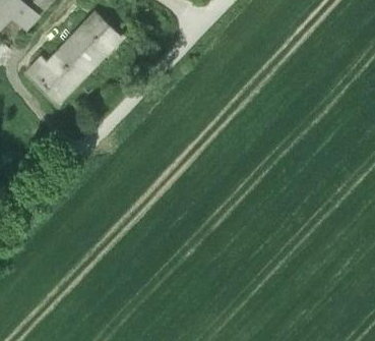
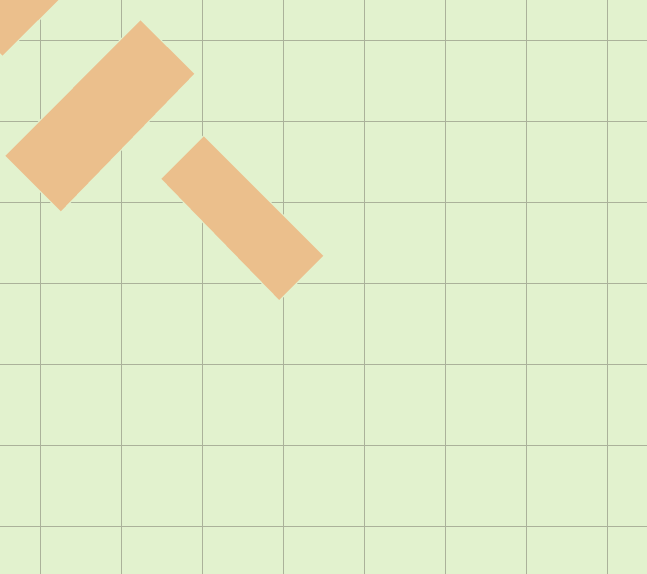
building: none -> [161,136,324,301]

